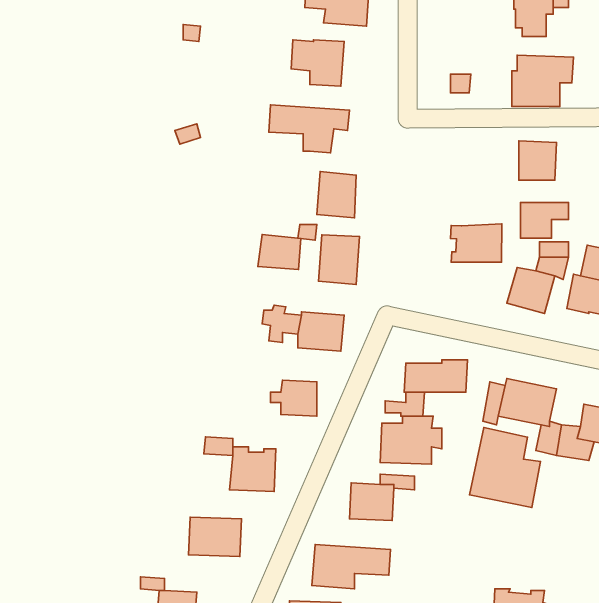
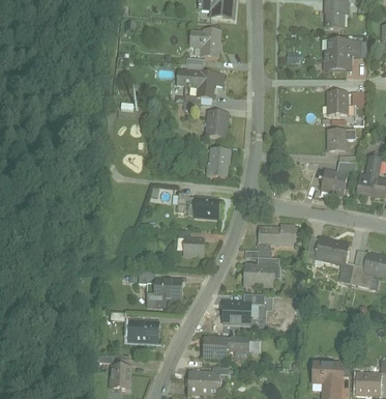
building: [451,224,502,262] -> none
building: [258,235,301,269] -> none
building: [469,428,540,507] -> none

